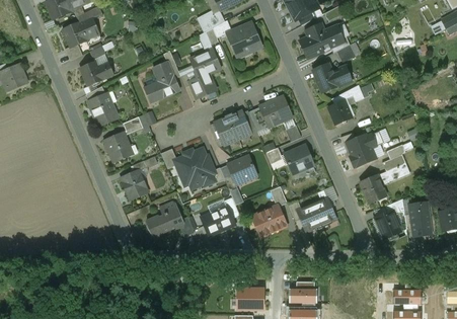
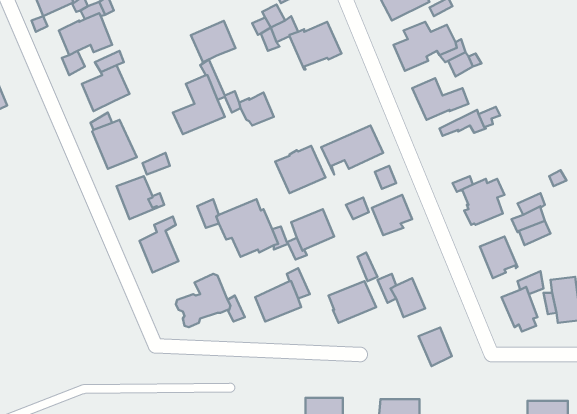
building: [189,49,221,78] -> [191,21,236,63]
building: [327,99,352,125] -> none
building: [312,197,335,225] -> [419,327,452,366]

